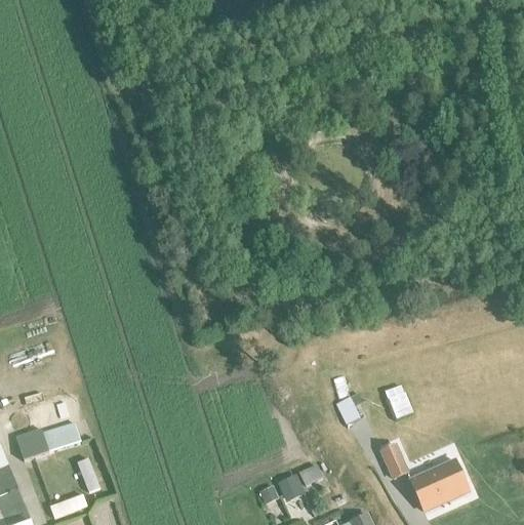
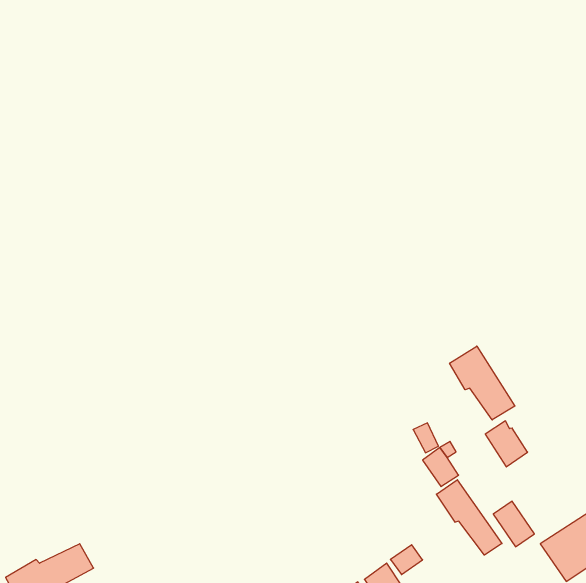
building: none -> [450,346,515,420]
building: none -> [436,480,502,555]

